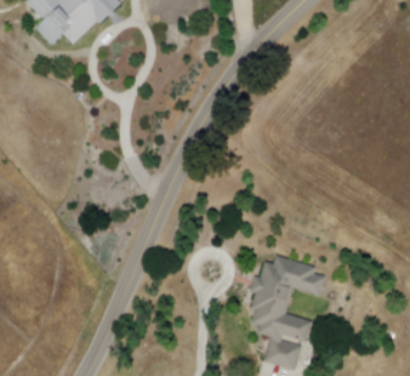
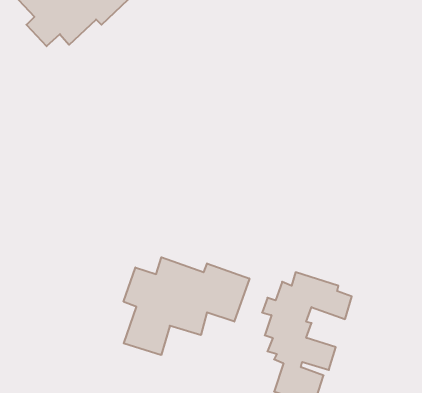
building: none -> [124,257,249,355]

